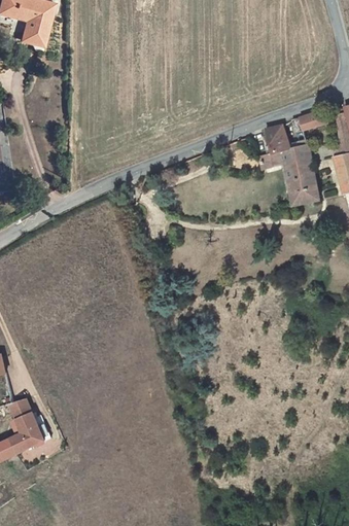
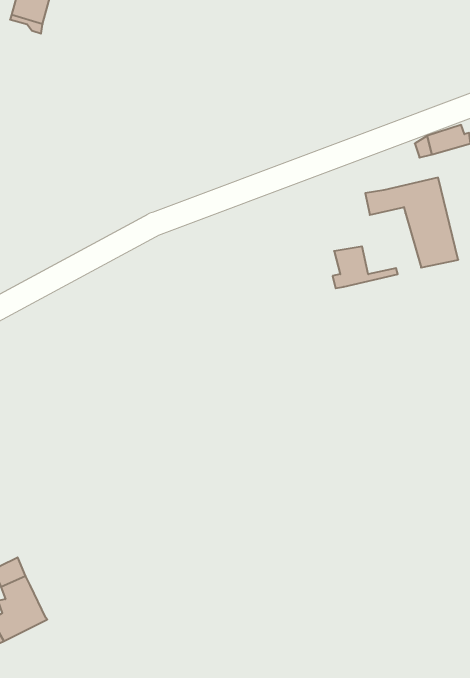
building: [263,127,306,154] -> [333,246,398,288]

